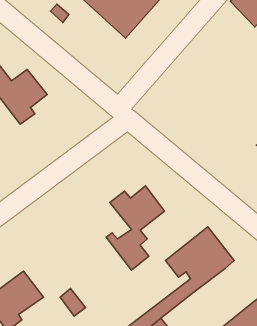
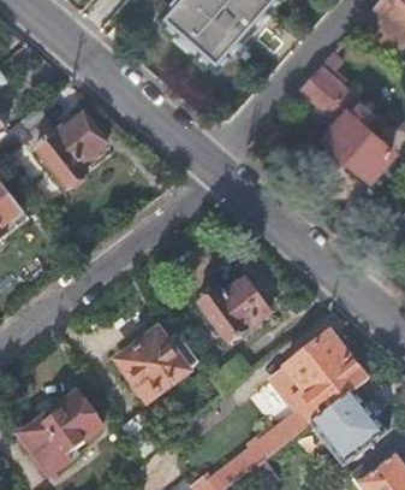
building: none -> [303,52,391,173]
building: none -> [120,331,187,400]
building: none -> [310,390,386,465]

